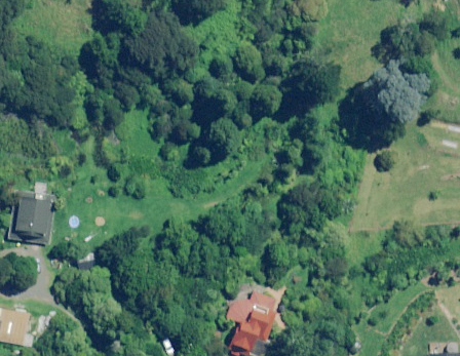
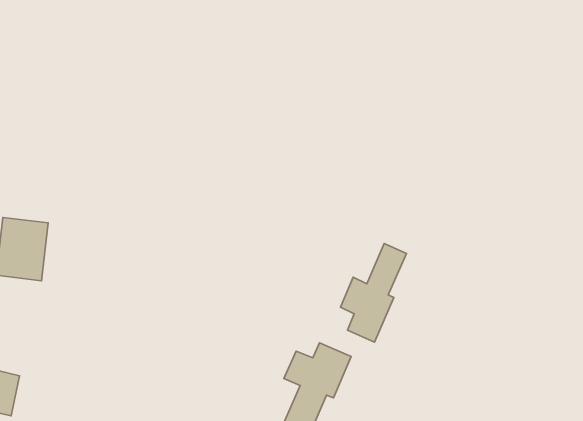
building: none -> [340,243,406,342]

